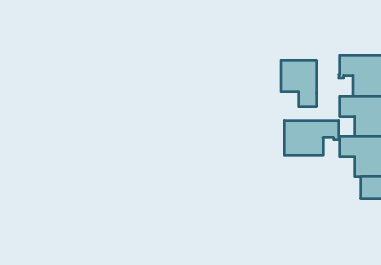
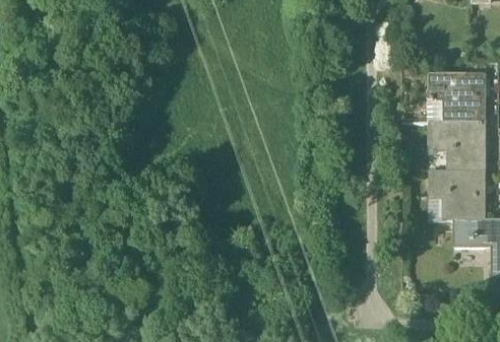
building: [281,60,316,107] -> none
building: [284,120,340,155] -> none

